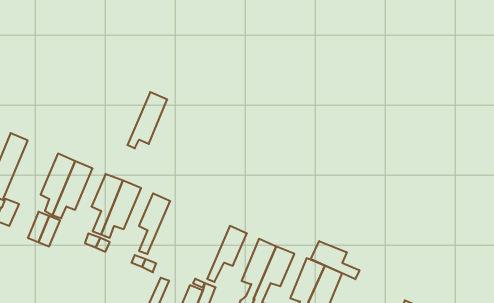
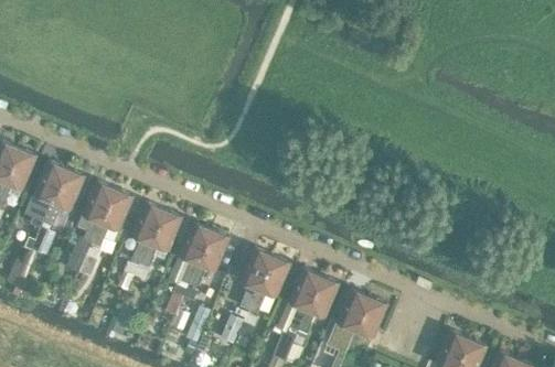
building: [127,92,167,148] -> [188,229,228,287]
building: none -> [42,168,83,226]
building: none -> [239,247,271,309]
building: [311,241,359,279] -> none

